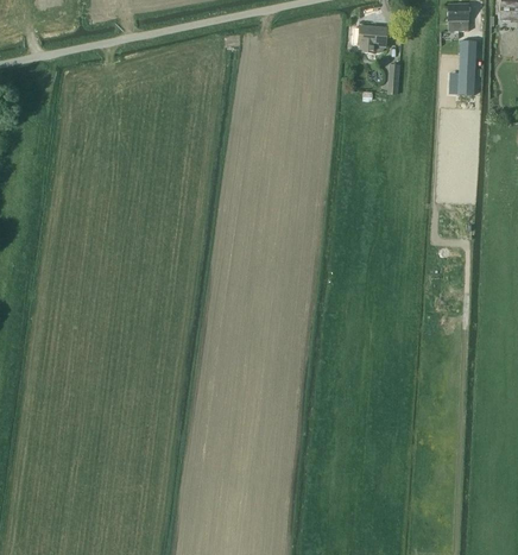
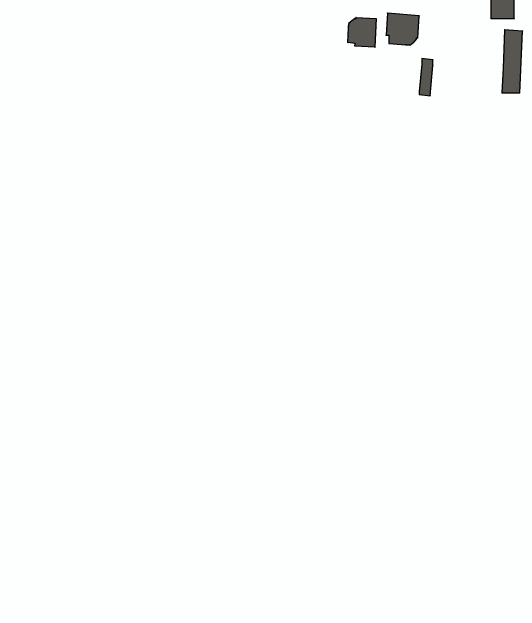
building: none -> [348,17,376,47]

